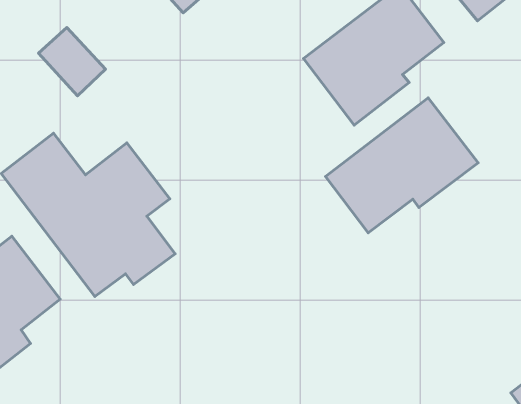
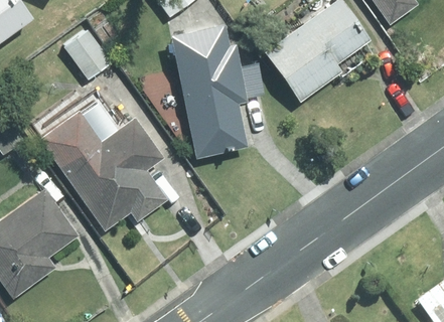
building: none -> [166,19,267,160]
building: [325,98,478,233] -> none

